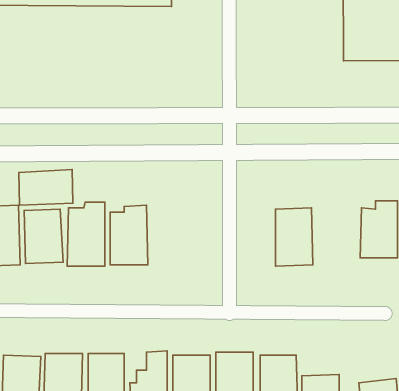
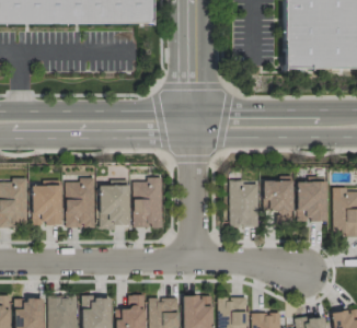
building: [19,169,73,205] -> none
building: none -> [135,177,165,227]
building: none -> [264,180,295,223]

